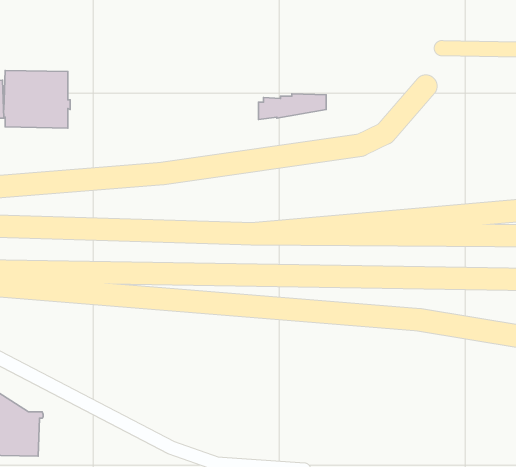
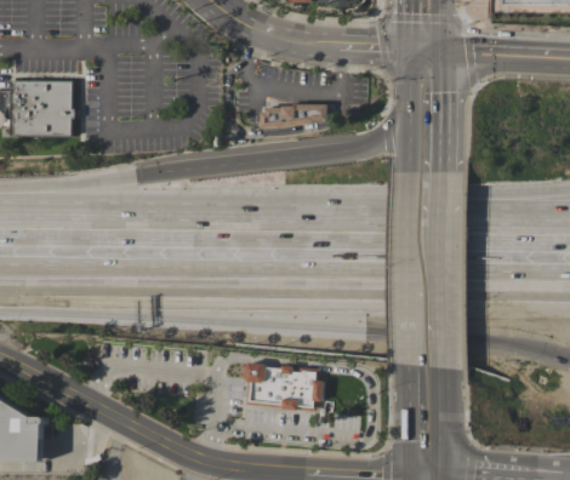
building: none -> [241,362,321,411]

